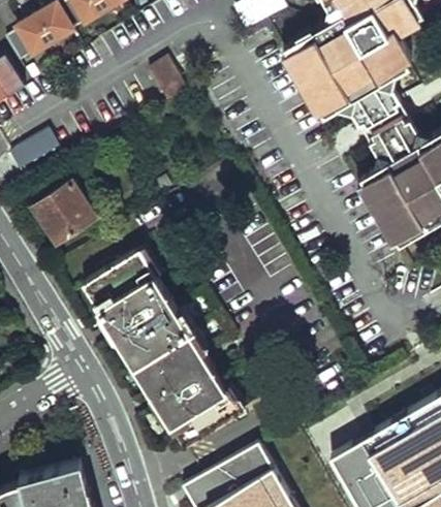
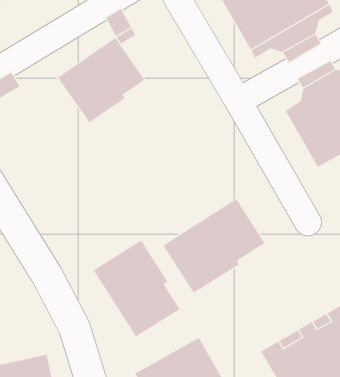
building: none -> [57,37,145,123]
building: [34,183,95,242] -> none
building: [81,251,189,367] -> none
building: none -> [163,198,265,293]

